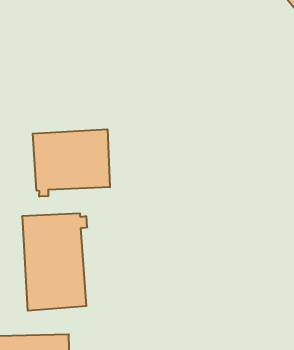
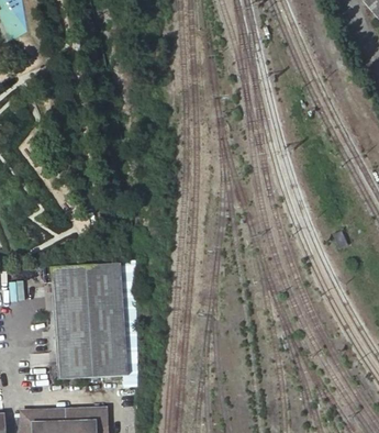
building: [33,129,110,197] -> none

